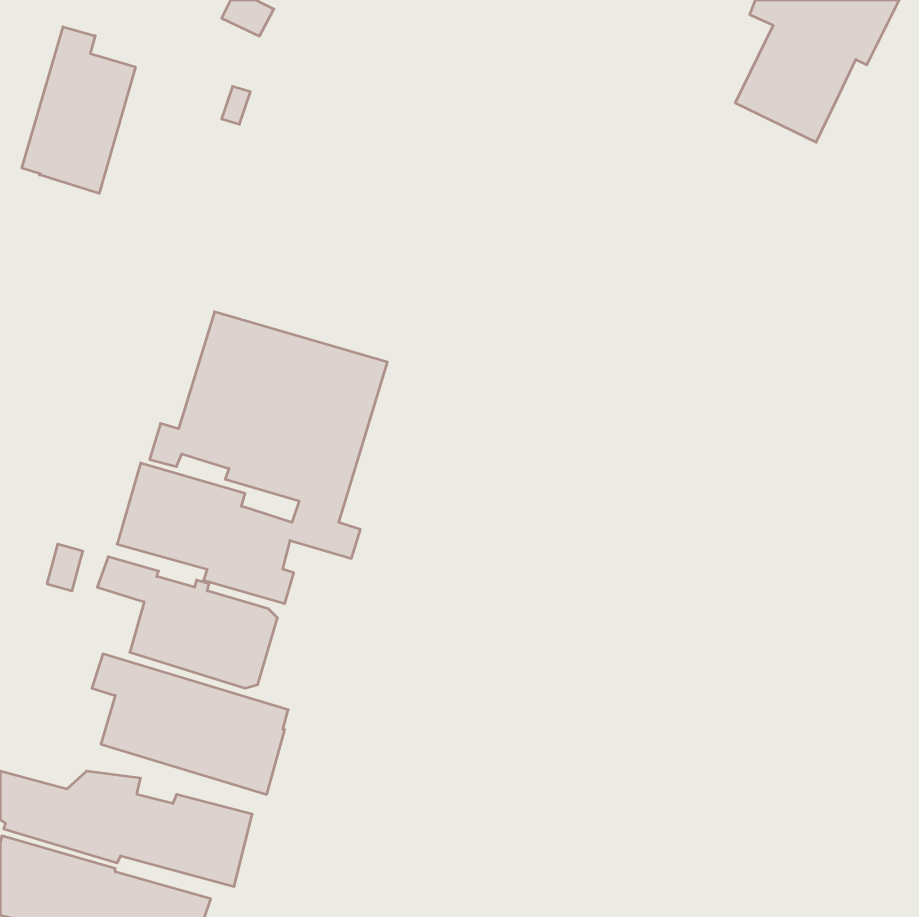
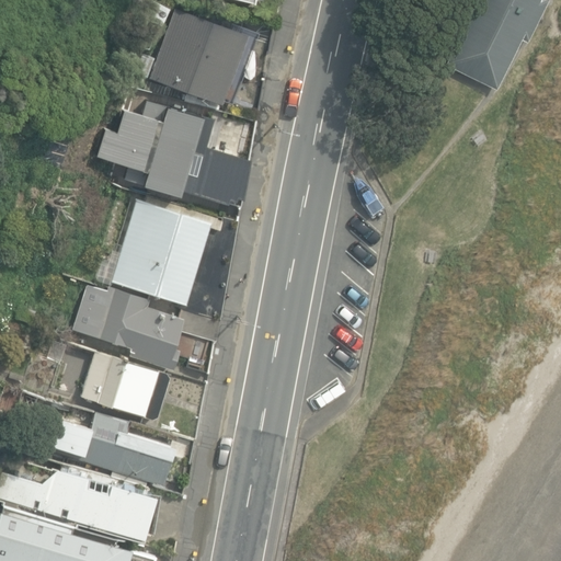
building: none -> [150,9,248,104]
building: [22,27,135,193] -> none
building: none -> [95,101,245,205]

